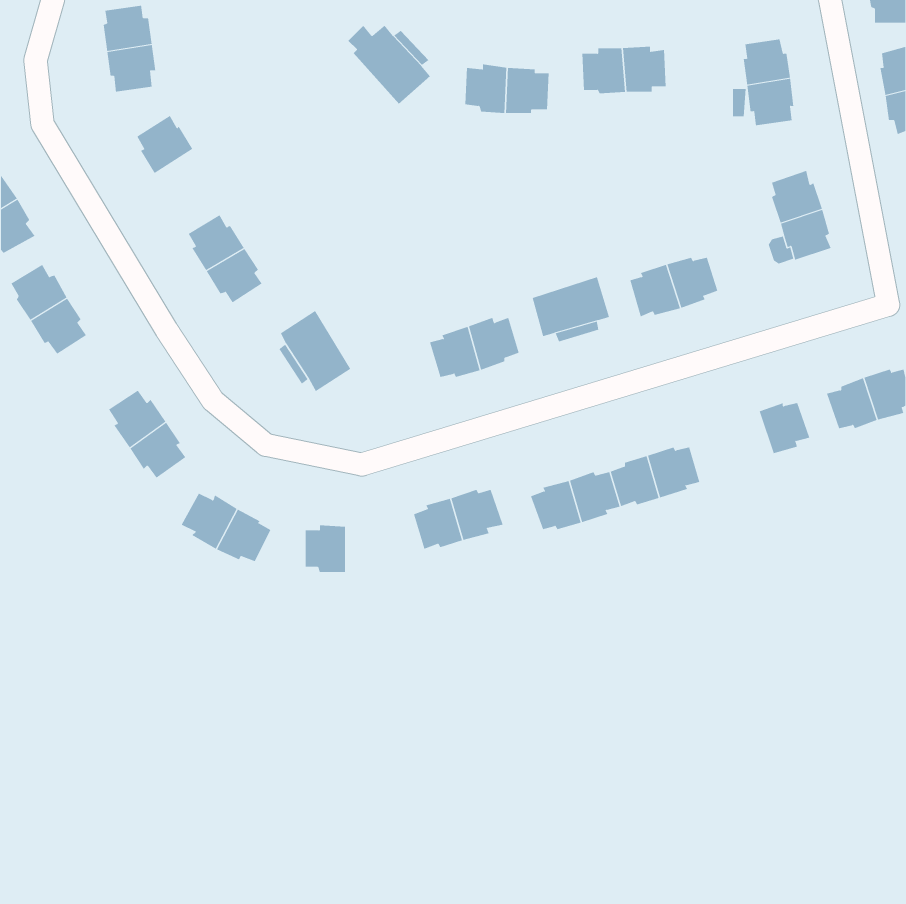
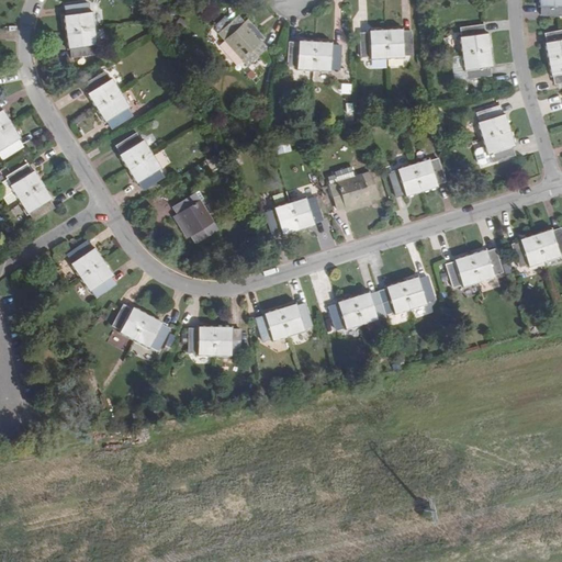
building: none -> [95,92,133,128]
building: none -> [446,255,479,286]
building: none -> [214,326,240,355]

